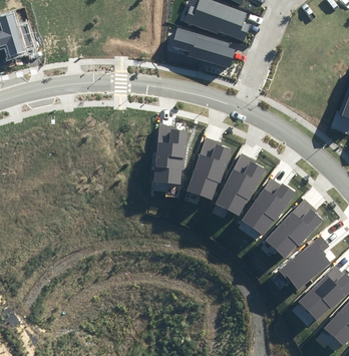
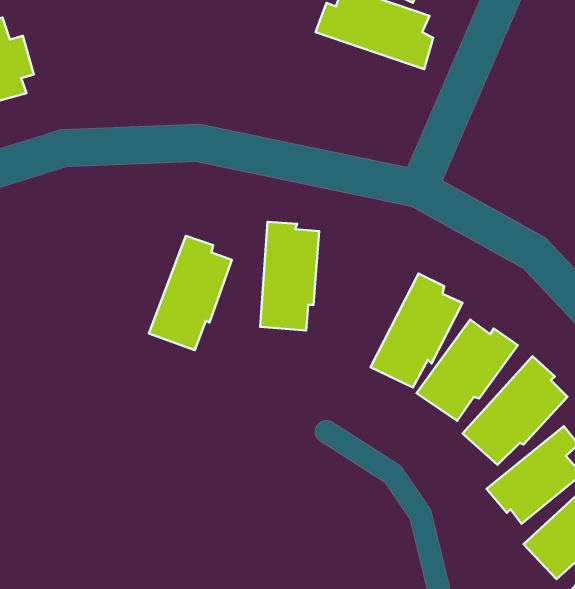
building: [173,28,235,68] -> none
building: [186,137,231,200] -> [149,236,232,350]

